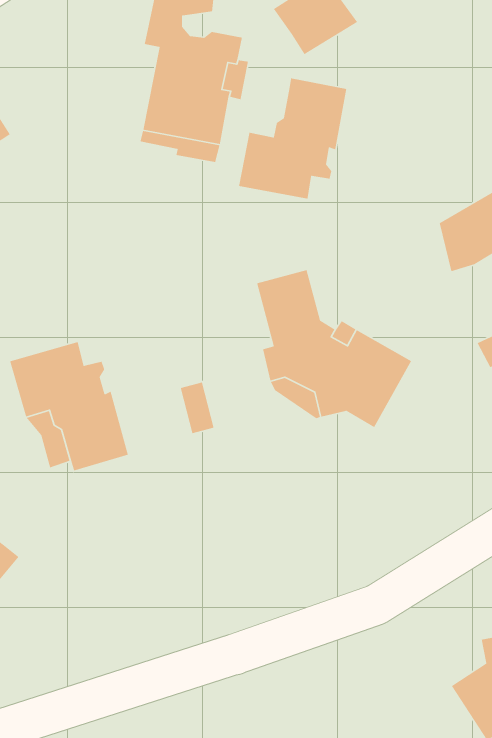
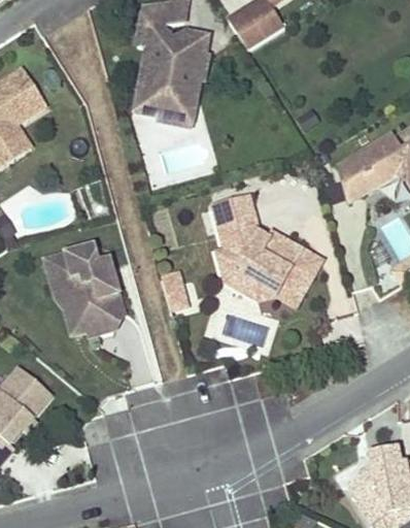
building: [238,77,347,200] -> none

